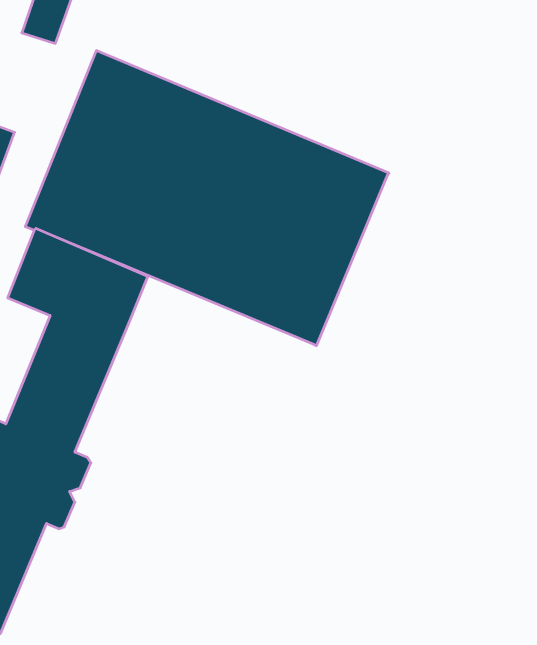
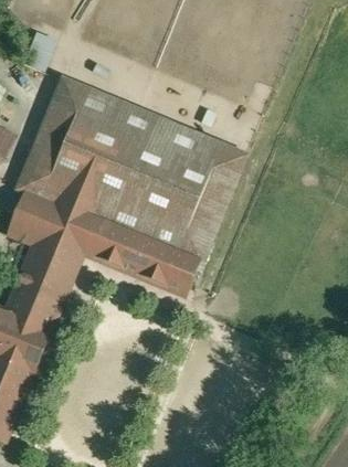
building: none -> [85,219,199,288]

